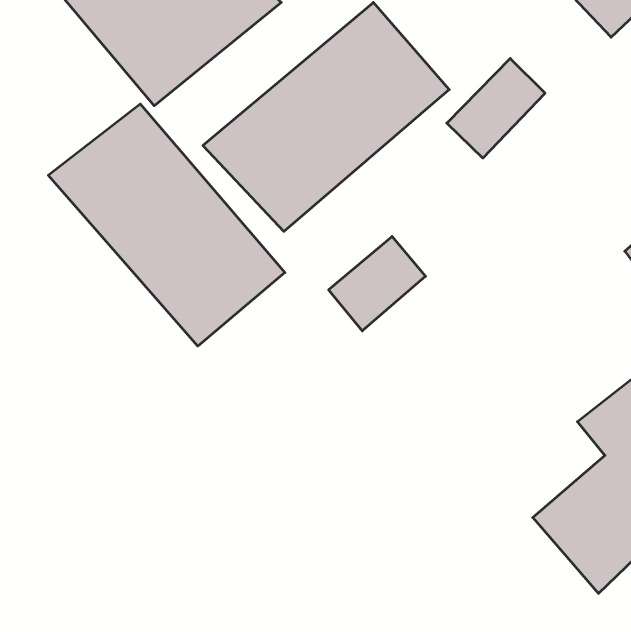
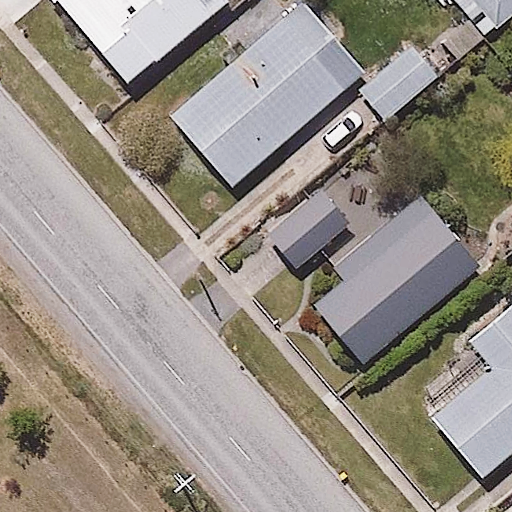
building: [48,104,285,346] -> none
building: none -> [314,196,479,361]

